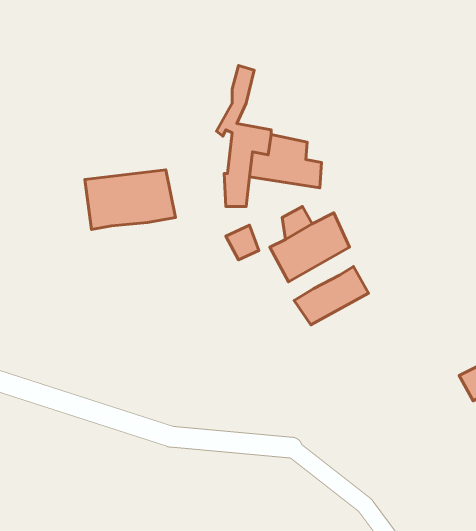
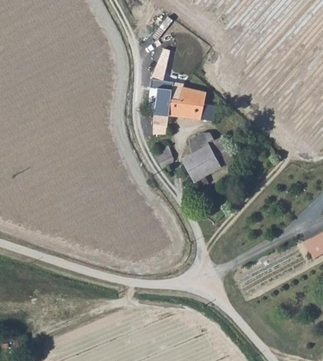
building: [85,170,175,229] -> none
building: [294,267,369,325] -> none

